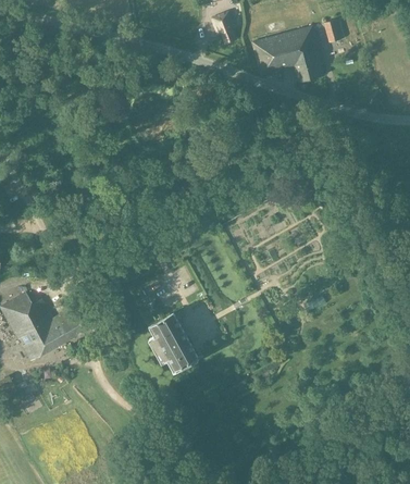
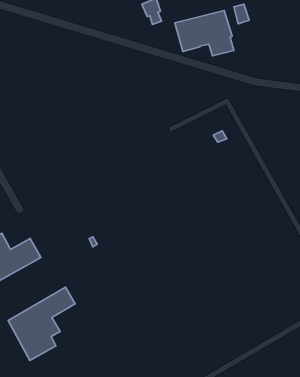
building: [150,312,197,369] -> none
building: none -> [8,287,75,360]

